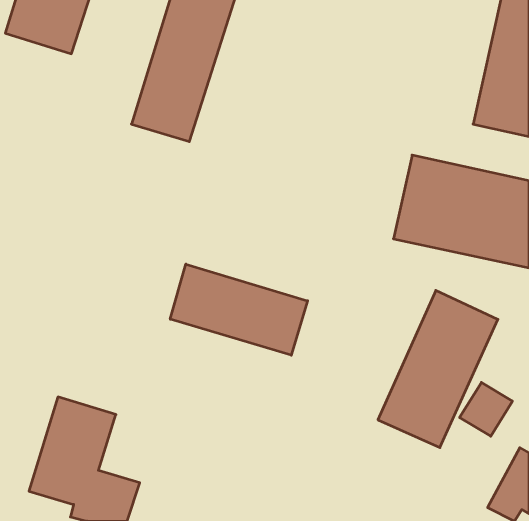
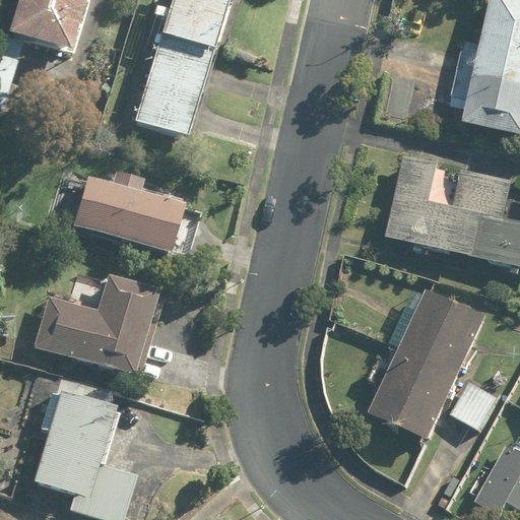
building: none -> [61,172,184,255]
building: [170,264,308,355] -> none
building: none -> [31,272,158,375]

